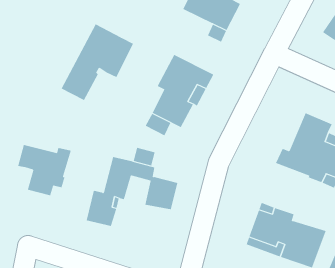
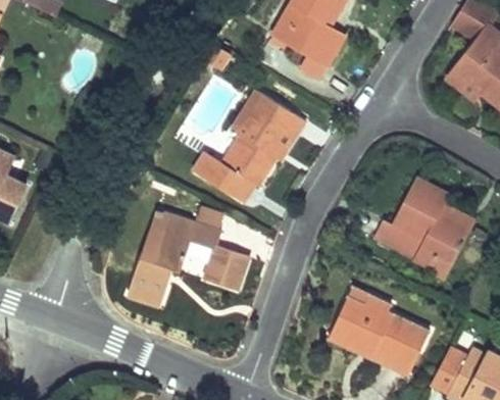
building: [61,23,134,101] -> none
building: [18,144,72,196] -> none

